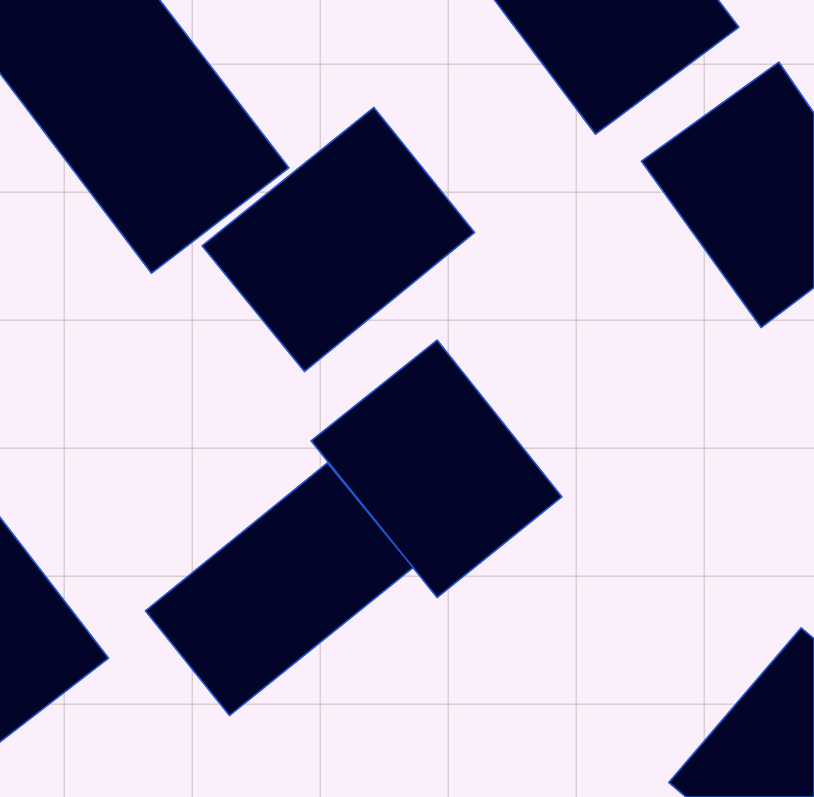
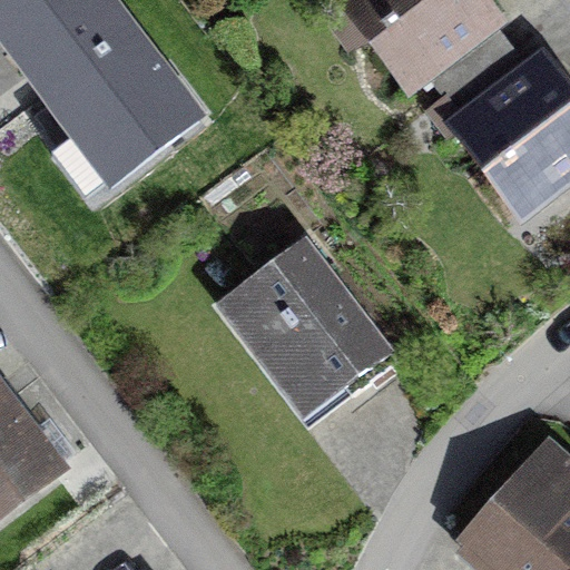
building: [202,107,475,371] -> none
building: [145,463,413,716] -> none

